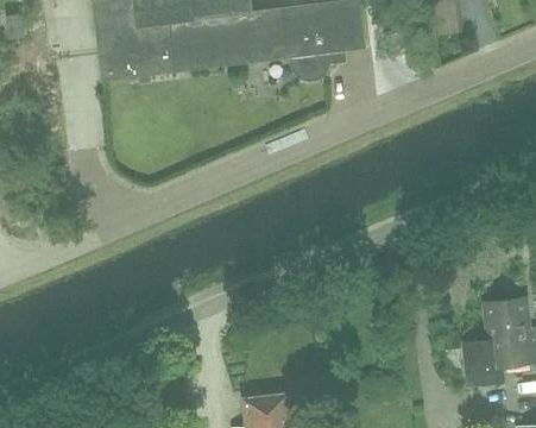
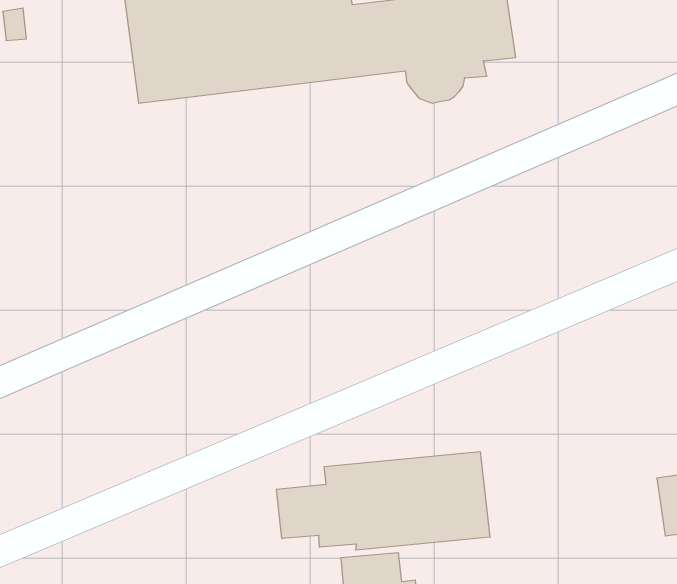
building: none -> [277,452,490,550]

